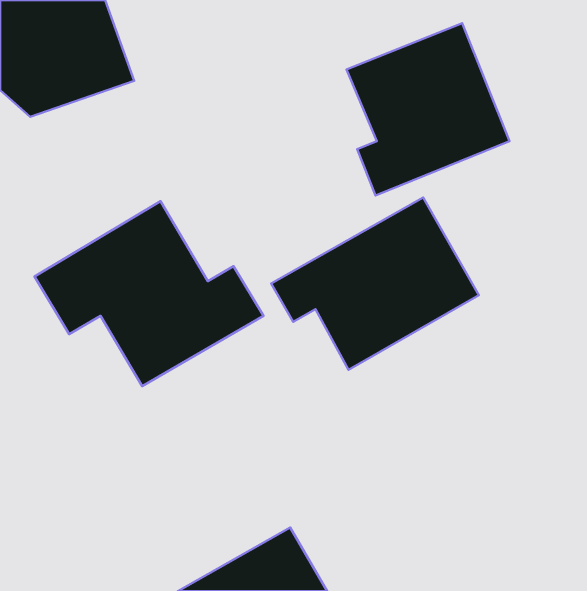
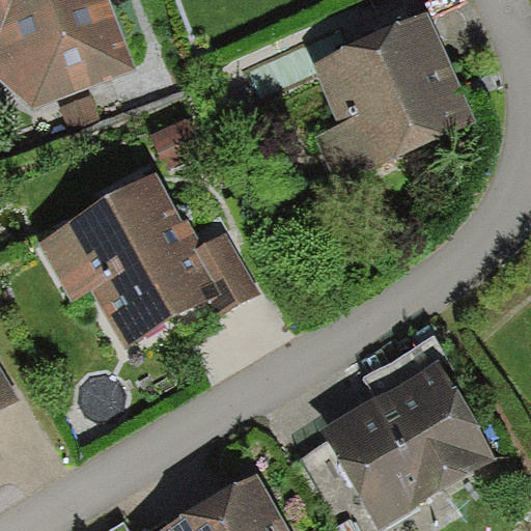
building: [271,197,479,370] -> none
building: none -> [326,345,491,518]

